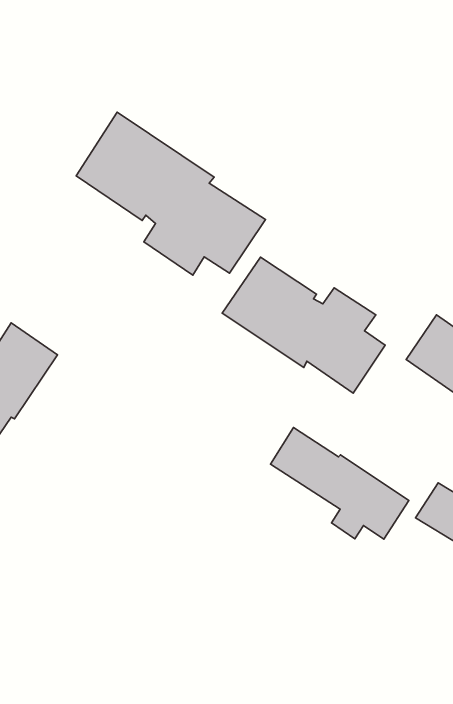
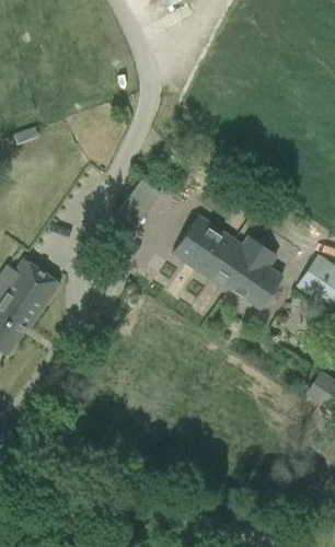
building: [76,112,265,275] -> none
building: [270,428,409,539] -> none

